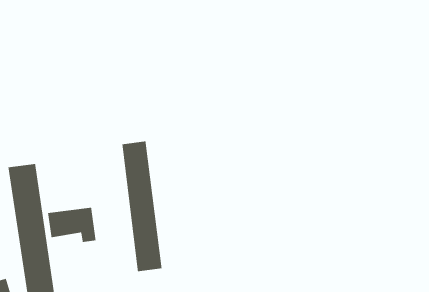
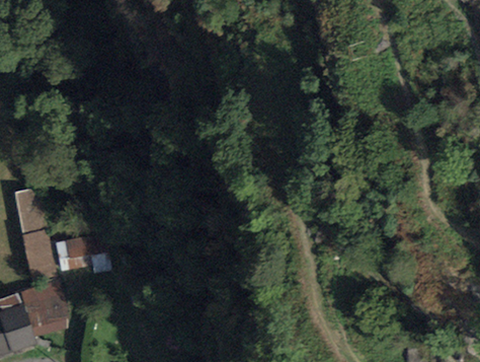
building: [122,141,162,272] -> none

